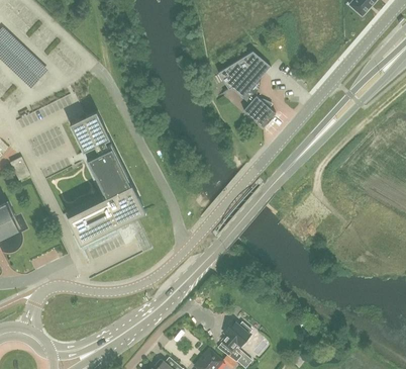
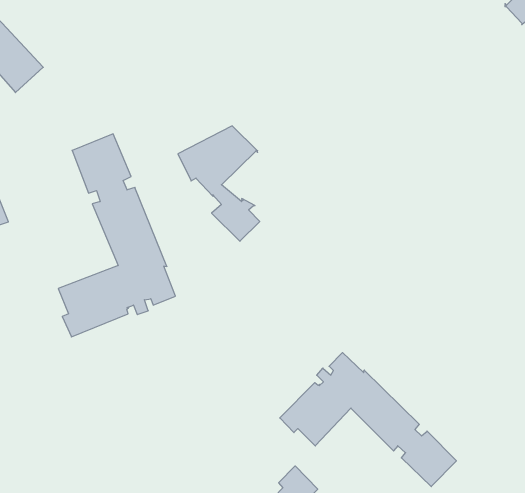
building: [217,52,275,127] -> [178,126,260,241]
building: none -> [280,353,456,487]

